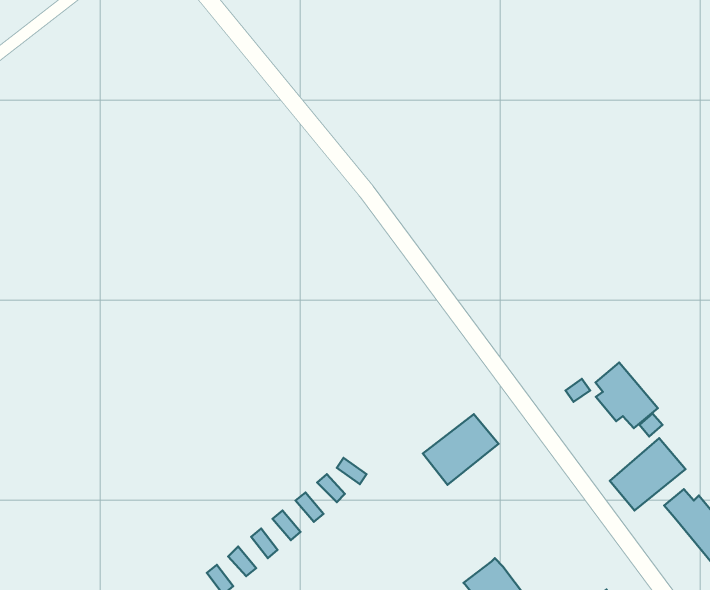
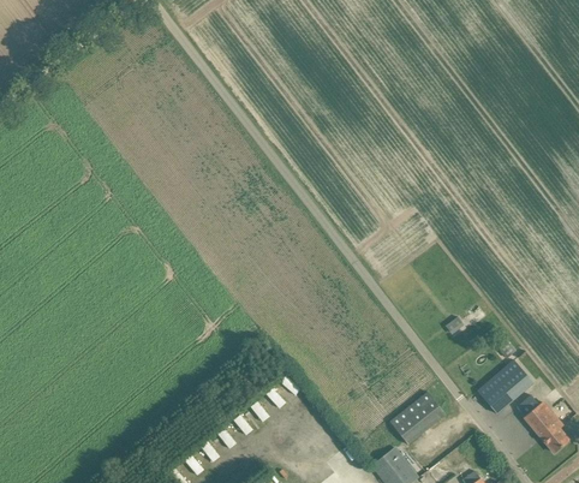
building: [595,362,658,428] -> none
building: [423,414,499,485] -> [390,393,446,445]

